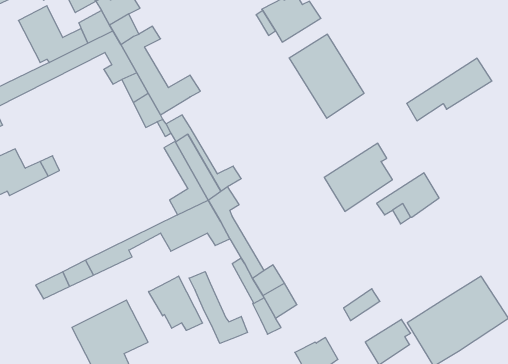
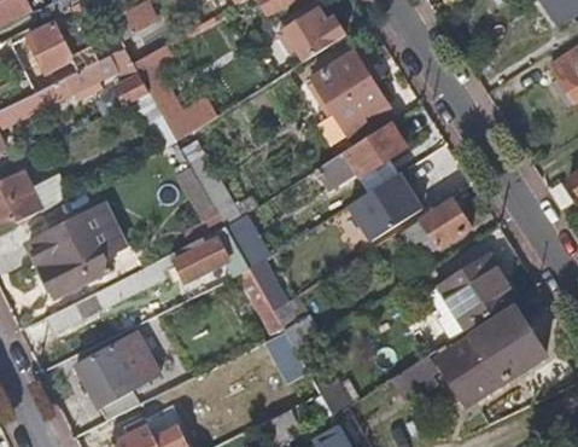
building: [407,58,492,121] -> [316,121,407,187]
building: none -> [29,207,122,296]
building: none -> [430,256,518,341]
building: [189,272,247,343] -> none
building: [149,276,203,330] -> none

